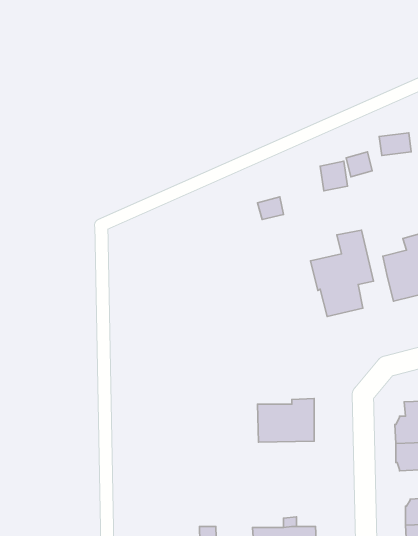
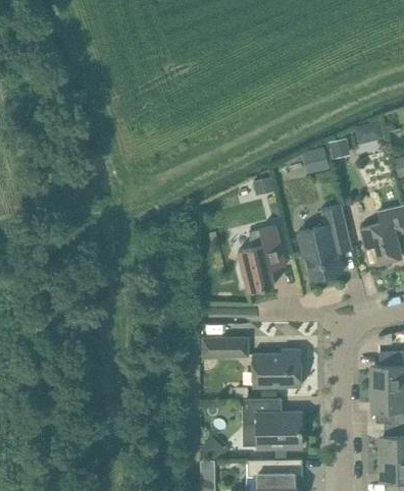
building: none -> [238,227,283,293]
building: none -> [203,339,248,358]
building: none -> [243,399,302,449]

